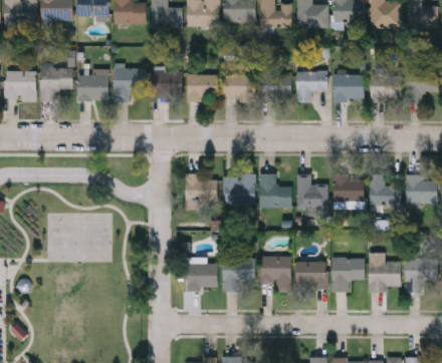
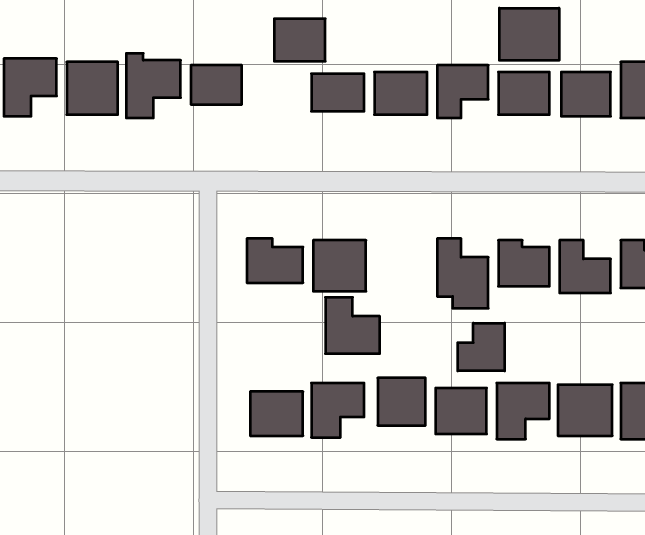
building: none -> [499,8,559,60]
building: [188,75,218,100] -> [274,19,325,61]
building: [260,173,292,207] -> [325,297,380,354]
building: none -> [458,323,505,371]

